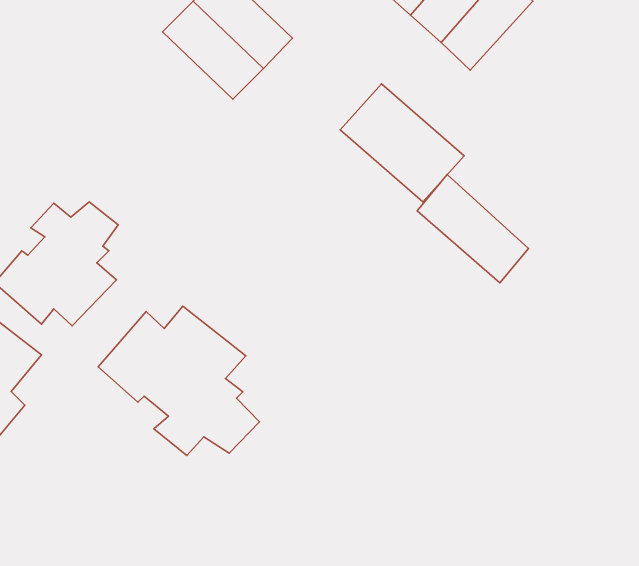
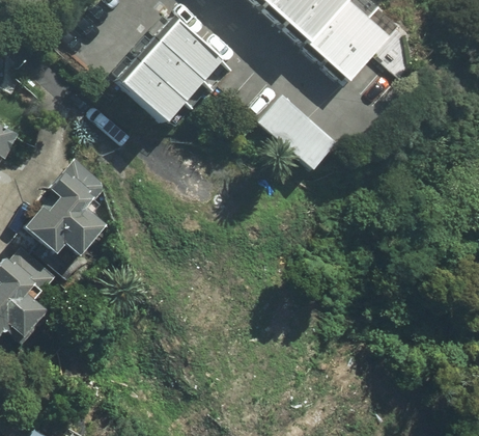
building: none -> [118,57,186,124]
building: [417,175,528,283] -> none
building: [98,306,259,455] -> none

